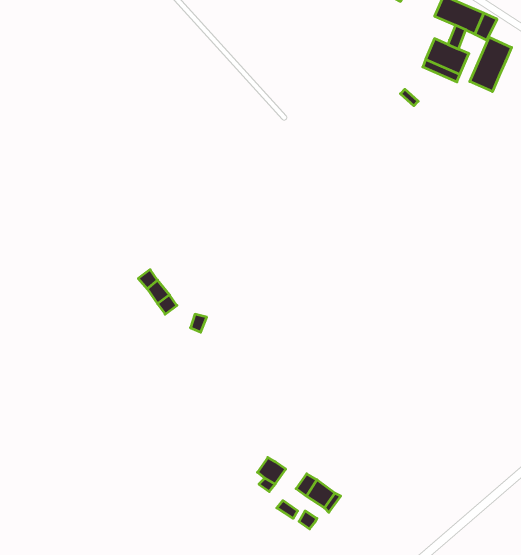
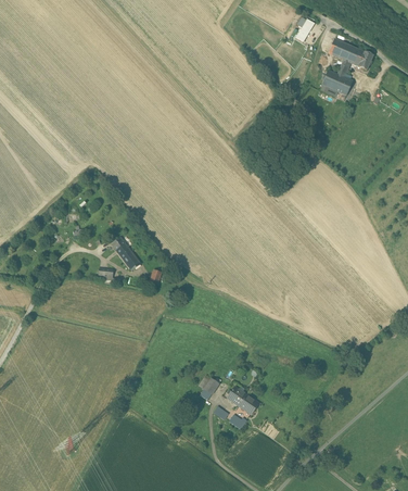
building: [470,37,512,92] -> none

